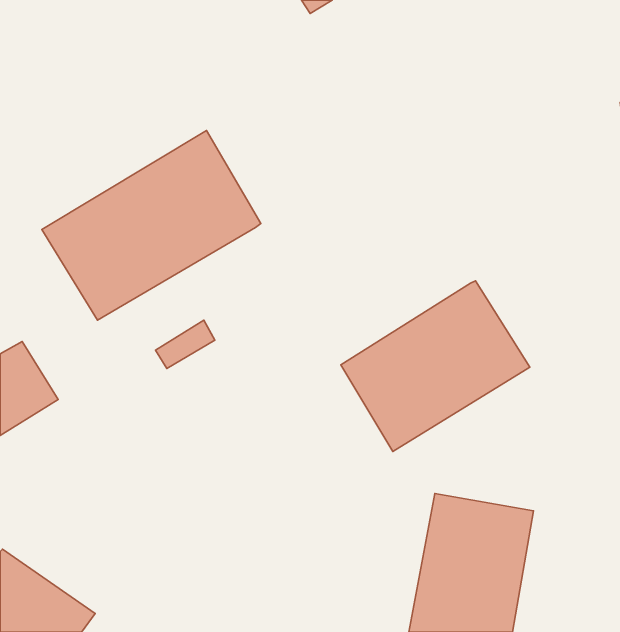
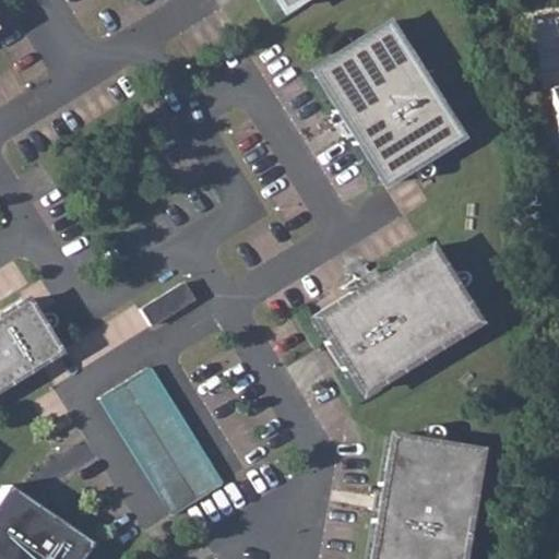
building: none -> [314,24,463,186]
building: [42,130,261,320] -> none
building: none -> [106,368,228,516]

